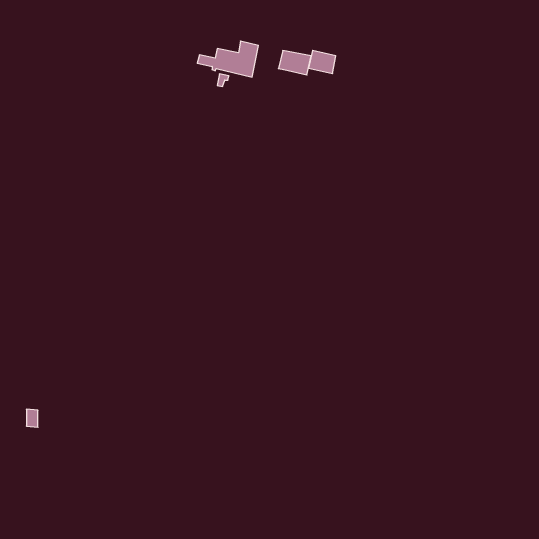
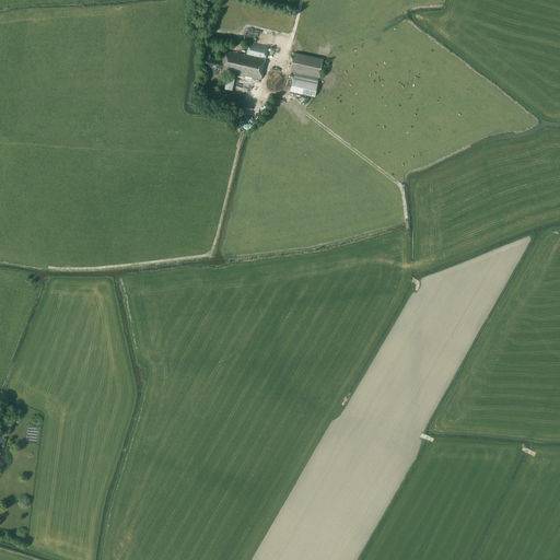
building: [308,50,336,74] -> [290,72,318,96]

